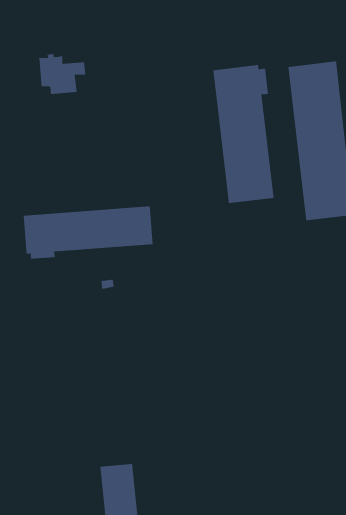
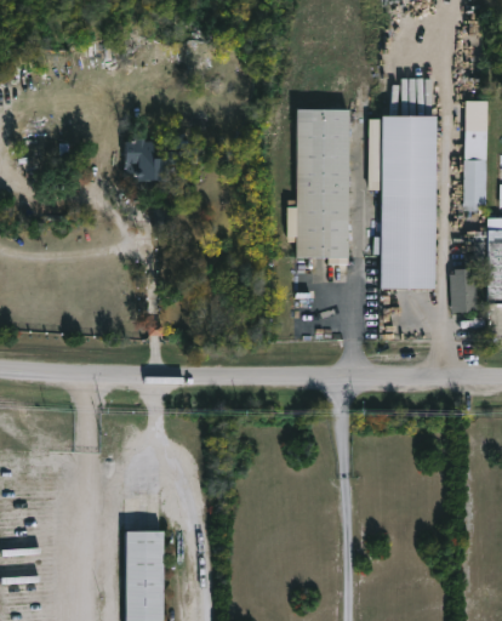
building: [38,54,86,94] -> [126,137,178,183]
building: [23,205,153,260] -> none

